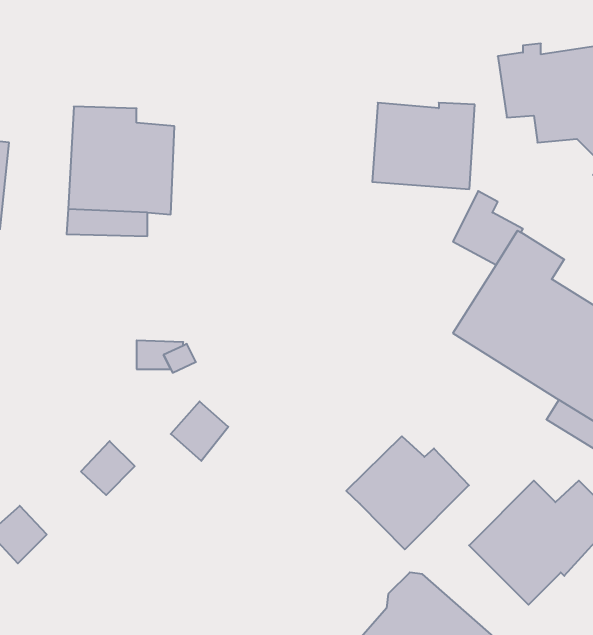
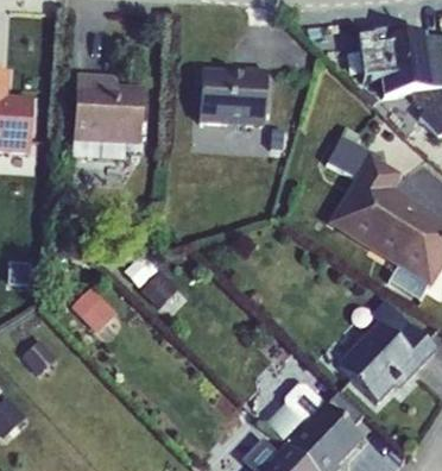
building: [372,103,475,189] -> [198,68,266,125]
building: [346,436,469,549] -> none

